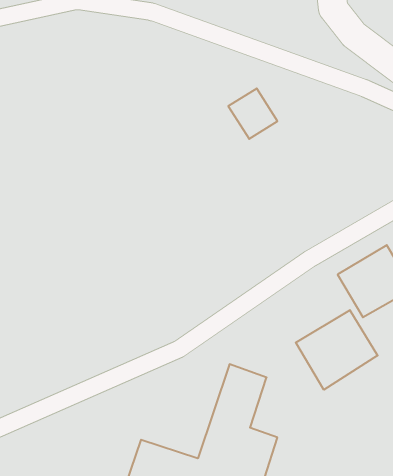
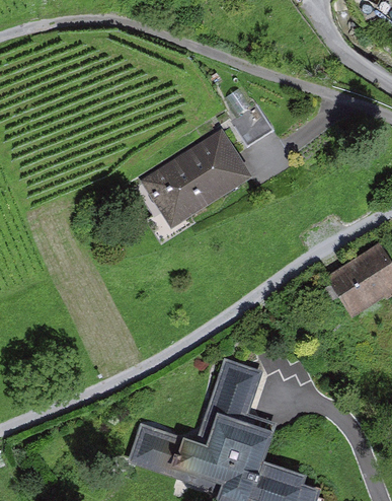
building: none -> [142,131,250,227]
building: [296,310,378,390] -> none

